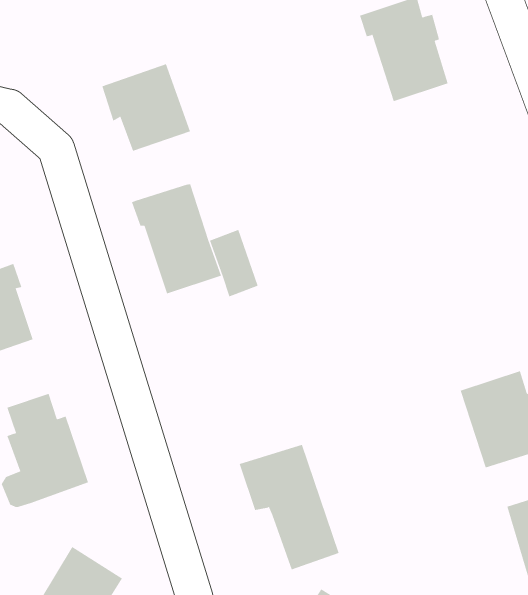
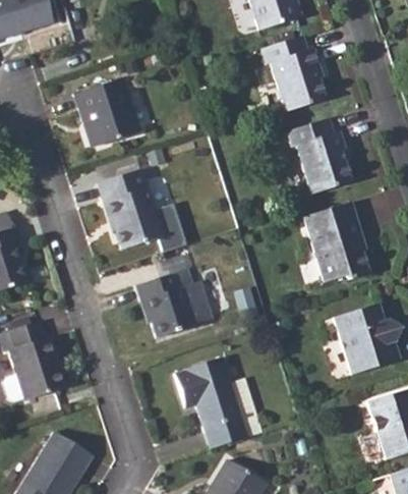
building: none -> [286,116,350,193]
building: none -> [303,201,369,281]
building: none -> [136,267,216,337]

